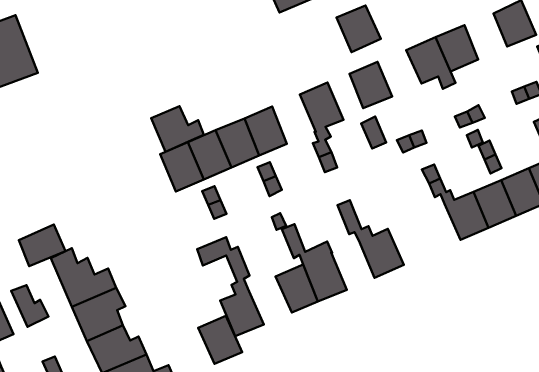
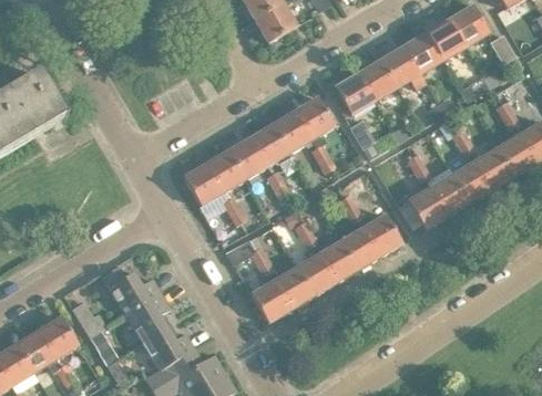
building: [337,6,381,52] -> [357,60,397,101]
building: none -> [427,19,466,60]
building: none -> [273,110,313,153]
building: [151,106,204,152] -> none
building: none -> [408,186,448,229]
building: [19,225,66,266] -> none
building: none -> [339,227,379,270]
building: [198,316,242,364] -> [273,267,313,309]

